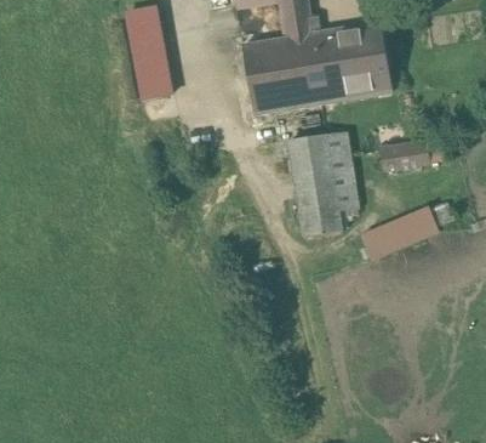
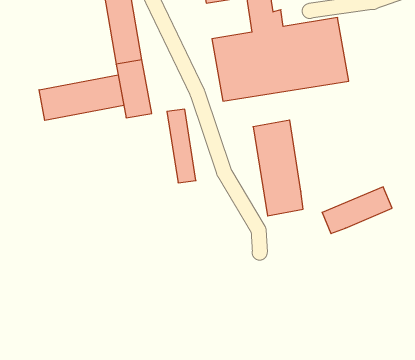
building: none -> [39,75,124,120]
building: [327,131,359,211] -> [167,109,196,183]
building: [391,136,438,164] -> none

